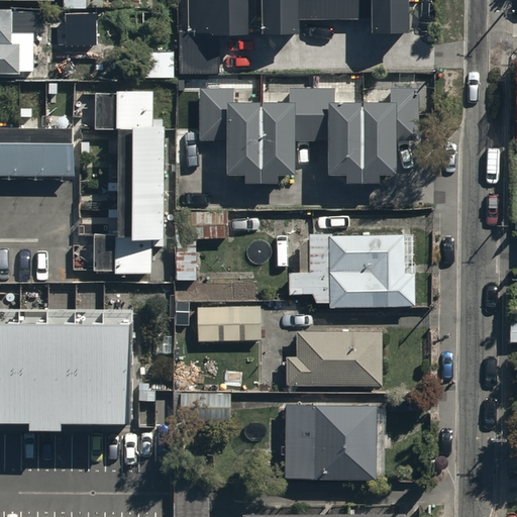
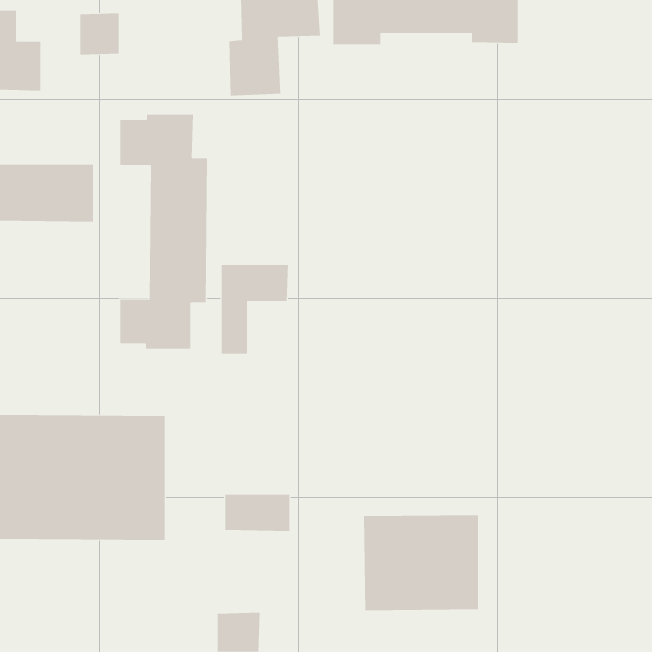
building: [198,93,418,184] -> none
building: [288,233,415,307] -> none
building: [200,305,258,341] -> none
building: [284,331,379,385] -> none

